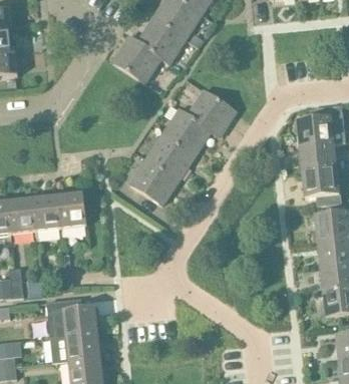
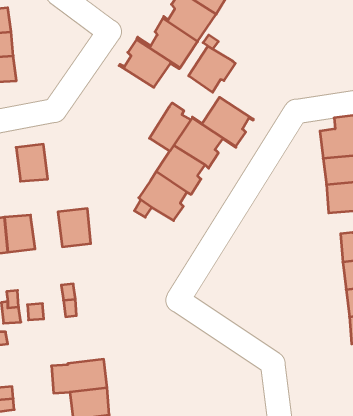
building: none -> [189,46,235,92]
building: none -> [149,103,191,151]
building: [30,196,59,230] -> [16,144,48,181]
building: [45,298,97,337] -> none

